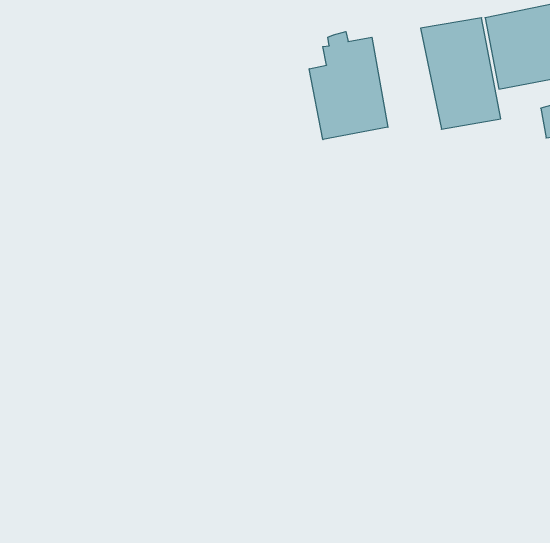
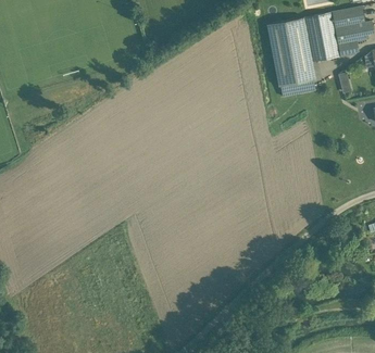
building: [309,32,388,140] -> none

